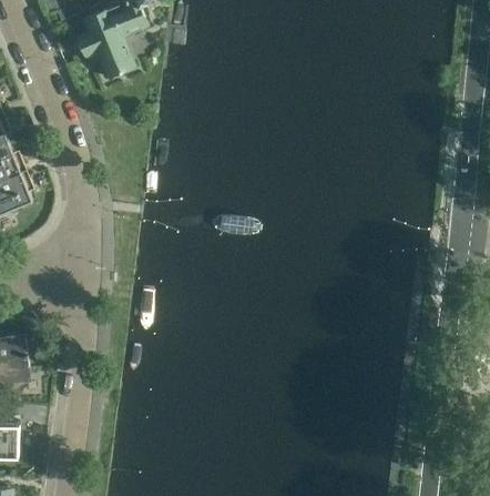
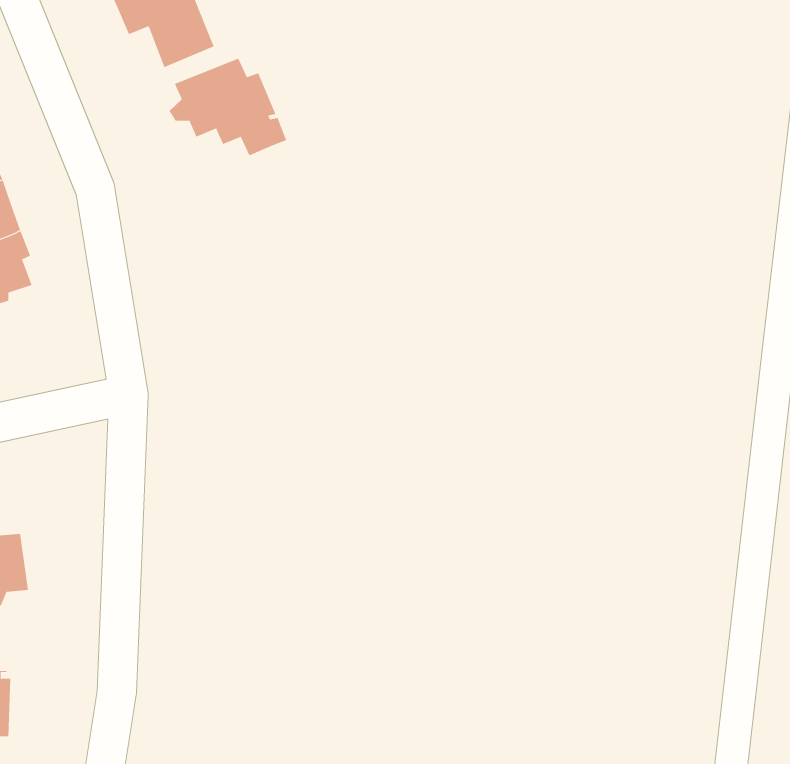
building: none -> [169,58,287,156]

